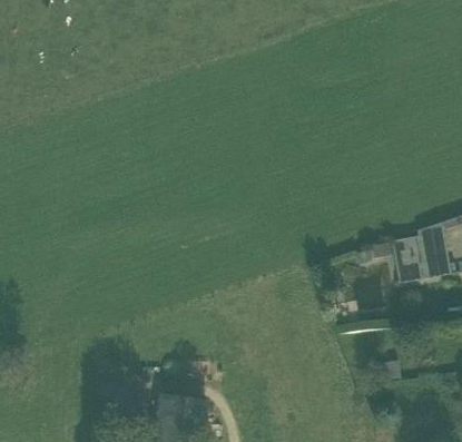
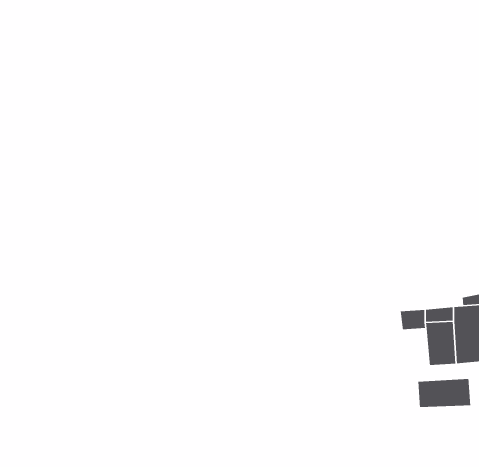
building: none -> [417,378,471,408]

